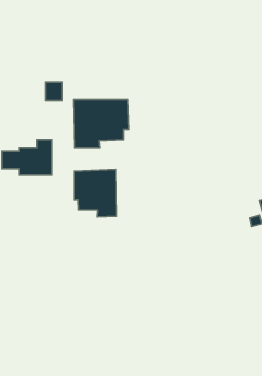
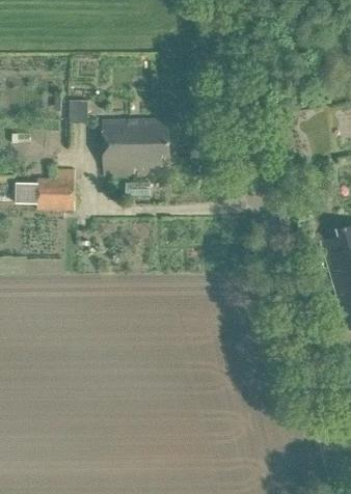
building: [74,169,117,217] -> none

